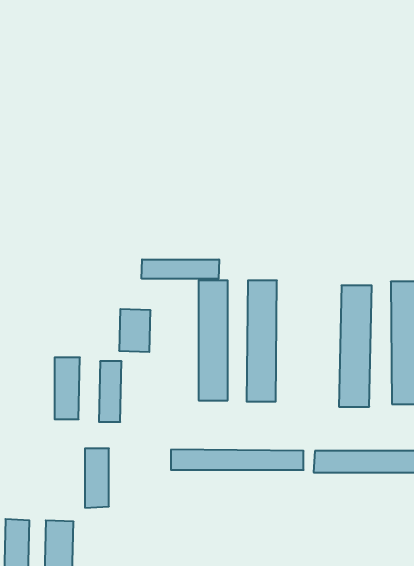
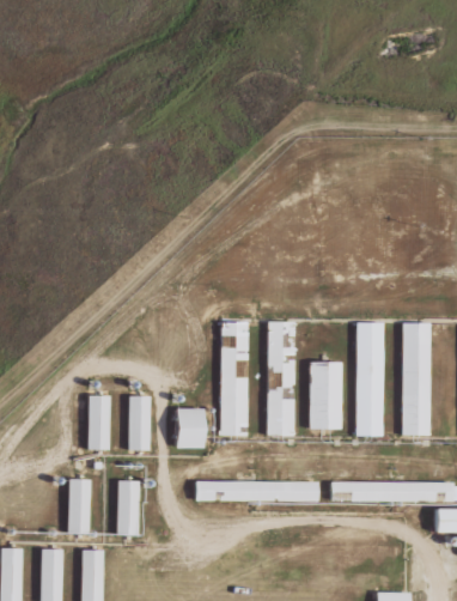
building: [142,259,219,279] -> none
building: [119,309,151,352] -> [179,408,209,449]
building: none -> [309,362,342,431]
building: none -> [67,478,89,535]

